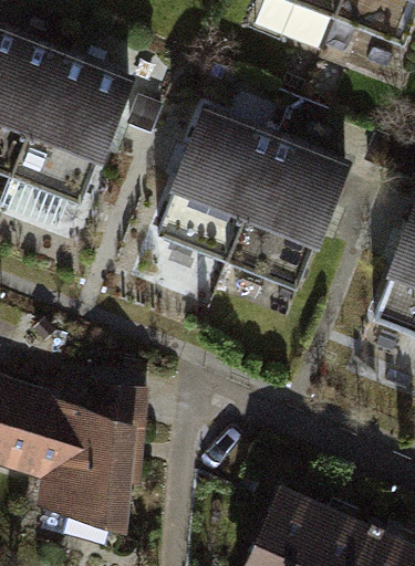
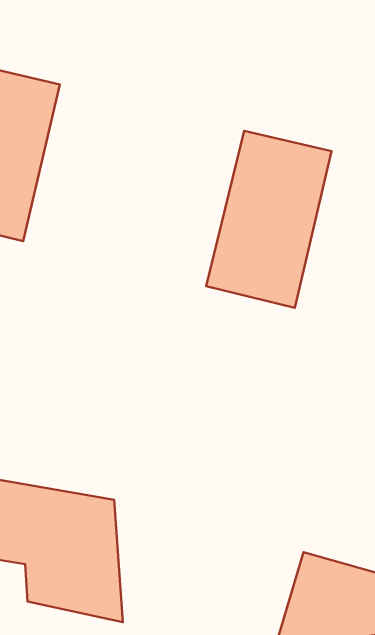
building: [159,107,279,259] -> none

